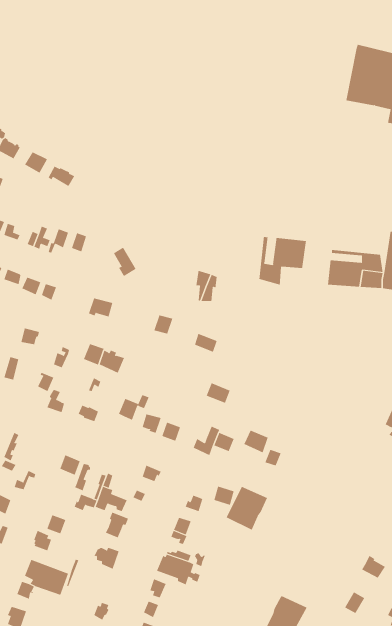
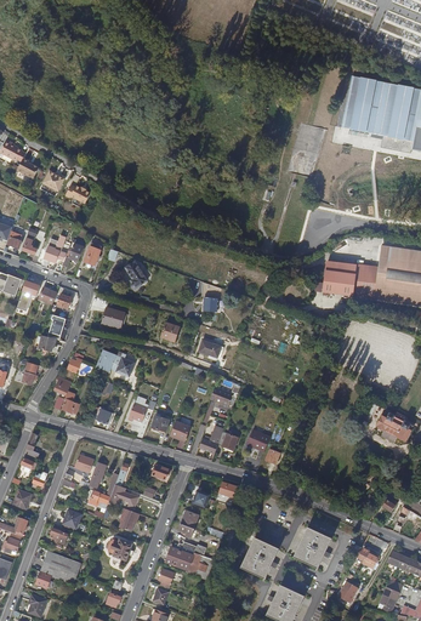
building: [259,236,306,286] -> none
building: [226,486,268,531] -> [241,536,280,577]
building: none -> [294,526,332,568]

